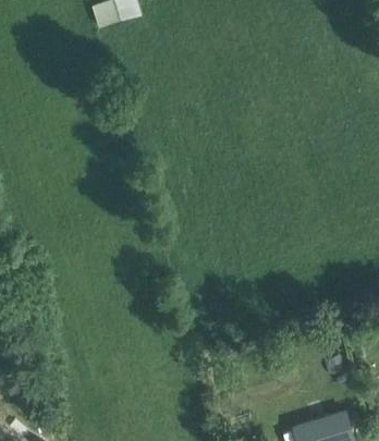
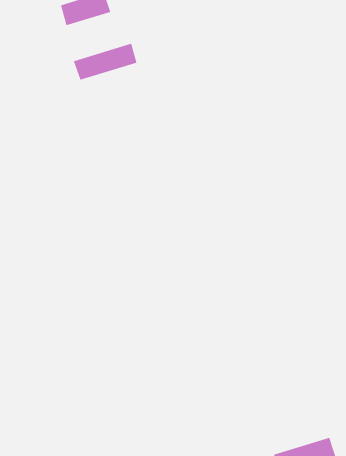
building: none -> [73,43,137,80]

